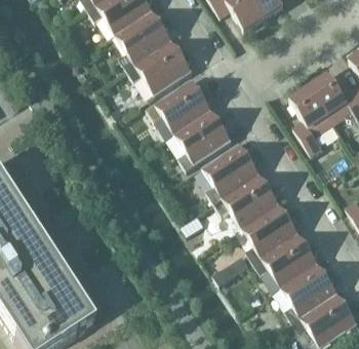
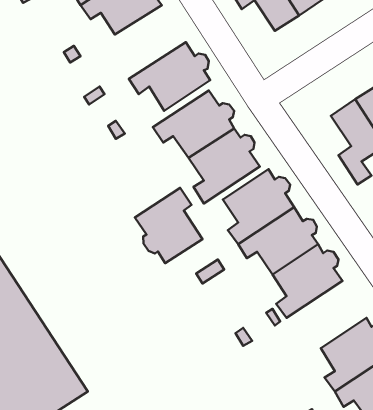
building: [115,9,172,69] -> none
building: none -> [135,188,202,263]
building: [253,232,318,286] -> none

